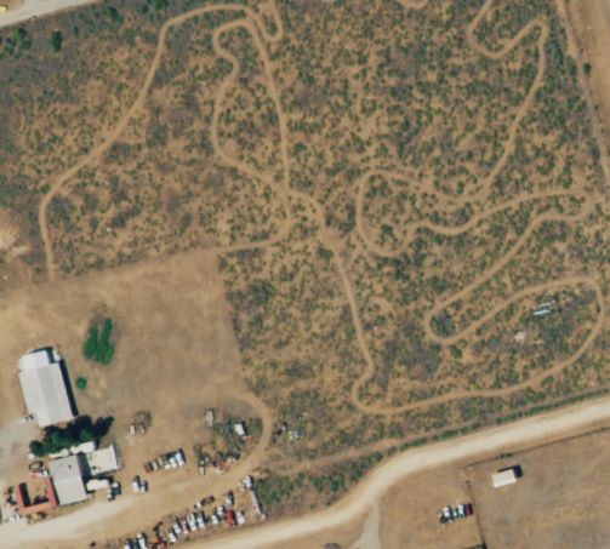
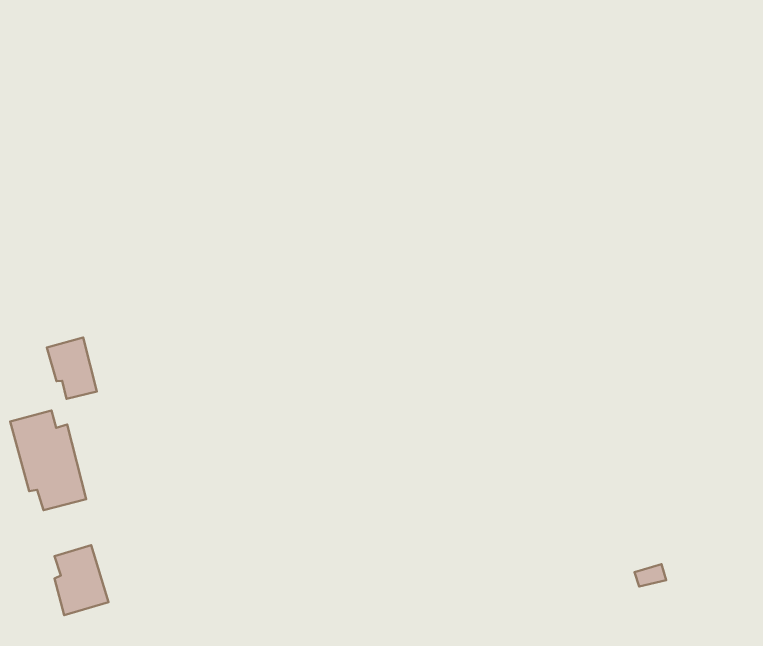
building: none -> [47,338,97,399]

